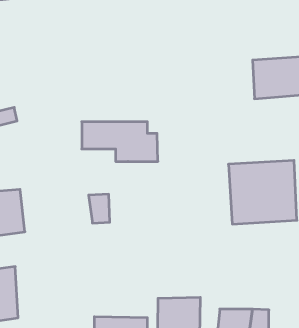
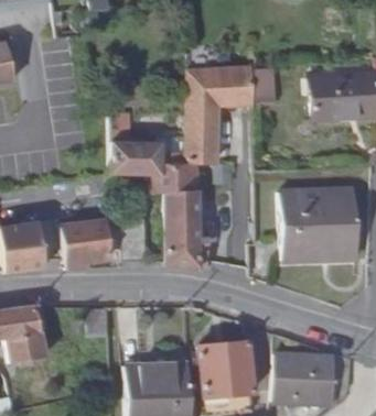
building: none -> [189,62,255,157]
building: none -> [166,188,213,270]
building: none -> [65,221,114,269]

